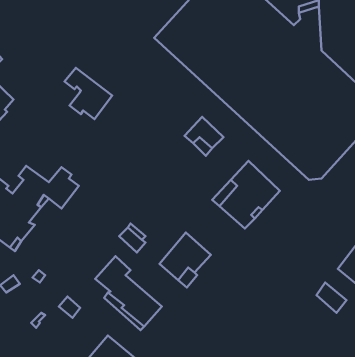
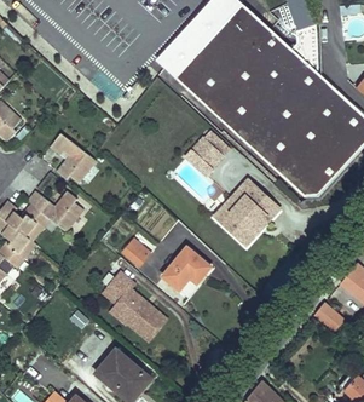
building: [64,68,112,119] -> [50,131,96,180]

